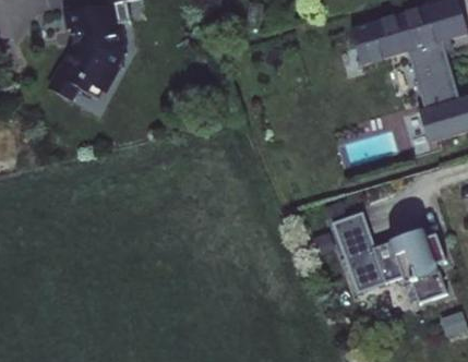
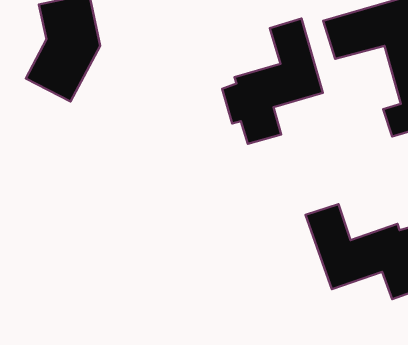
building: none -> [222,19,323,144]

